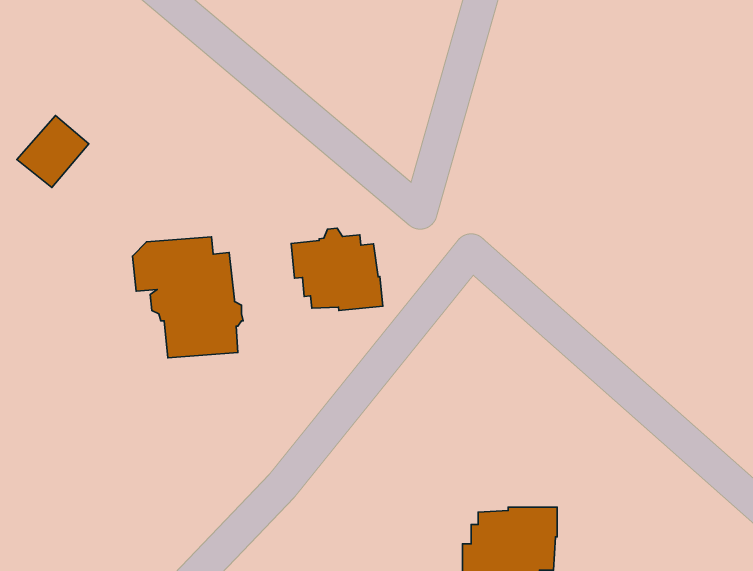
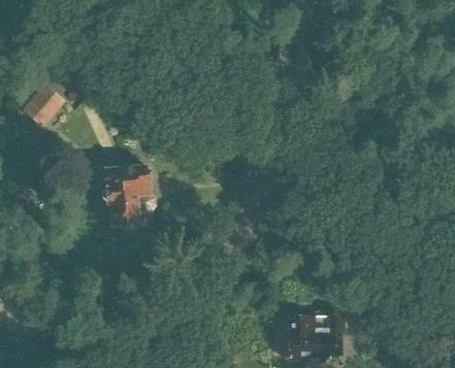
building: [291,228,383,311] -> none

